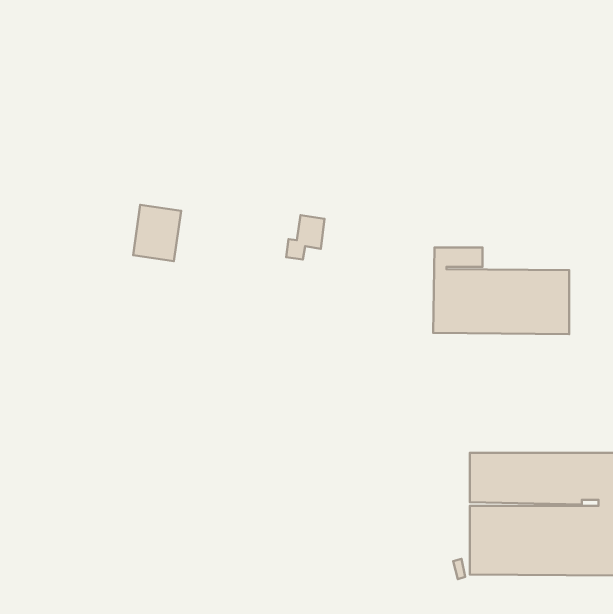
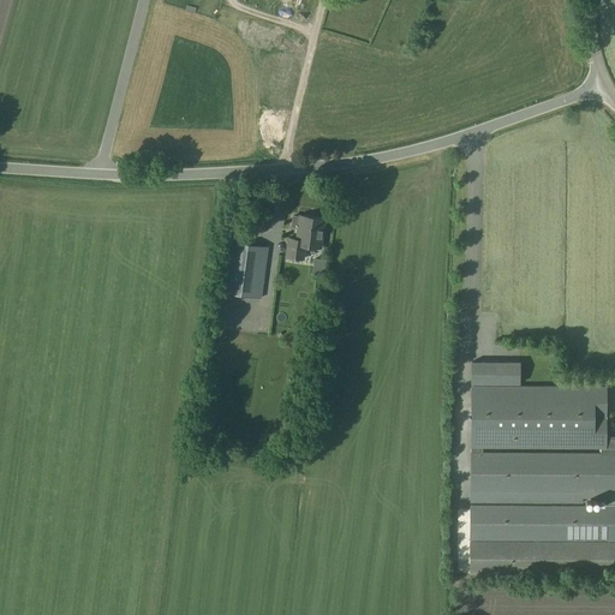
building: [133,205,181,261] -> [221,241,269,298]
building: [433,247,569,334] -> [471,362,607,448]

